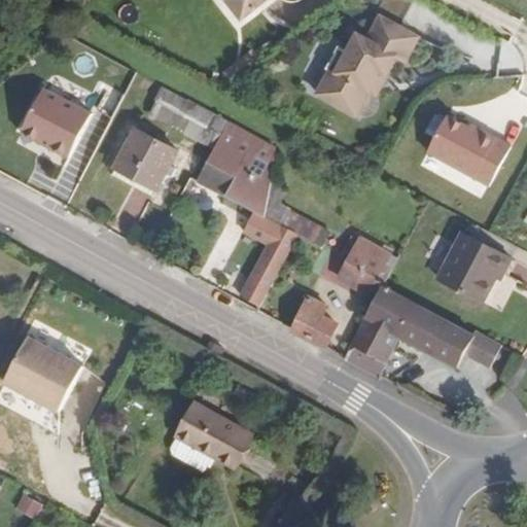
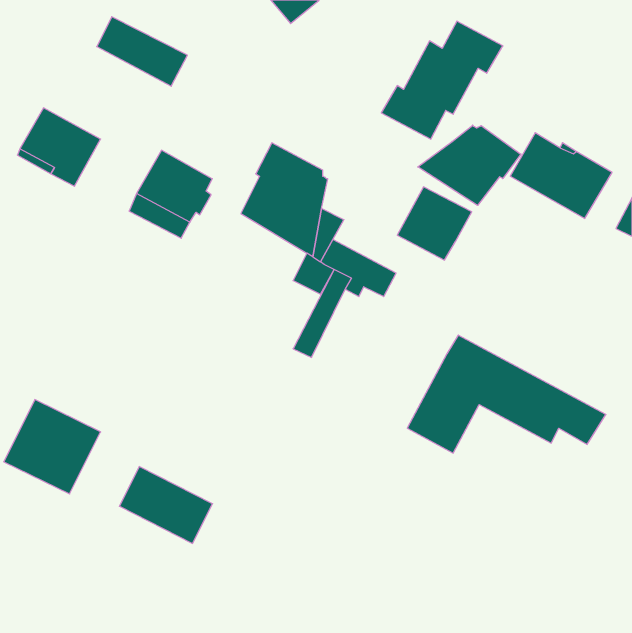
building: [150,87,225,145] -> [97,17,187,86]
building: none -> [418,125,521,205]
building: [432,230,511,302] -> none
building: [331,234,393,294] -> [397,187,472,260]
building: [284,294,328,345] -> none
building: [180,406,257,469] -> [119,467,213,543]

